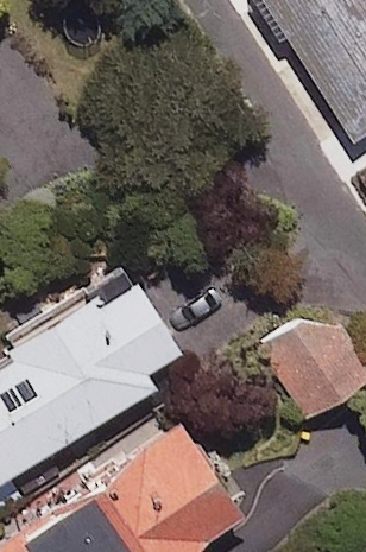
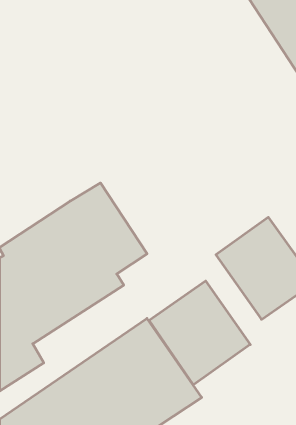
building: none -> [149,281,250,385]

